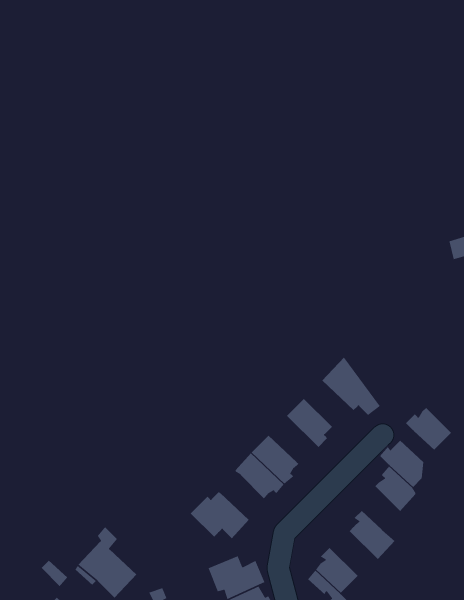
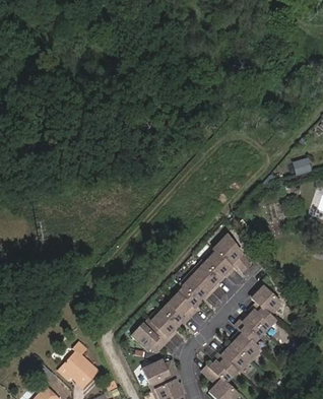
building: none -> [203,249,235,278]
building: [405,407,452,450] -> [235,316,264,343]
building: none -> [181,271,212,301]
building: none -> [148,306,178,337]
building: none -> [219,344,250,375]

